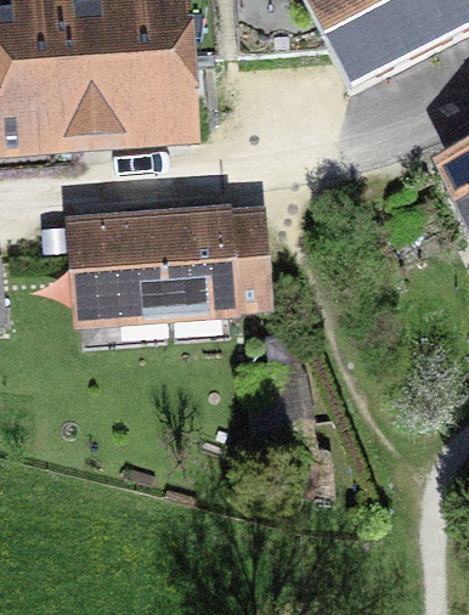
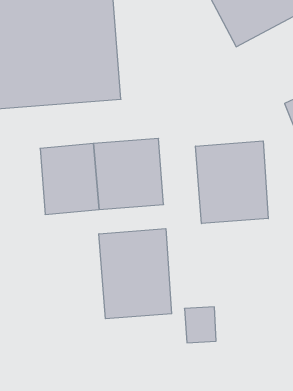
building: none -> [196,141,268,224]
building: none -> [99,229,172,319]

